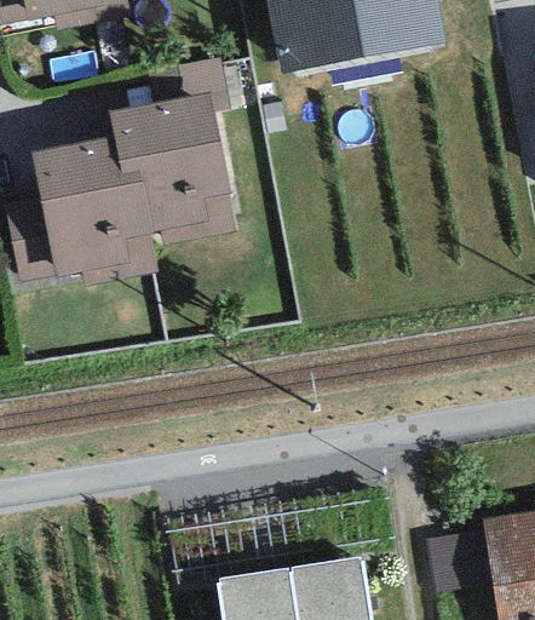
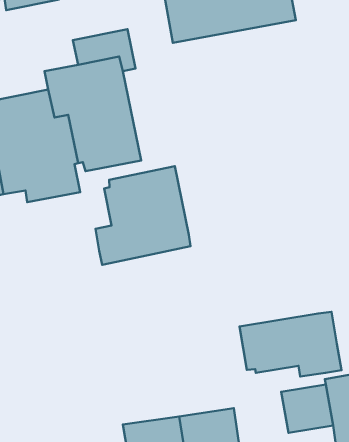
building: none -> [95,166,191,265]
building: none -> [240,312,341,377]

